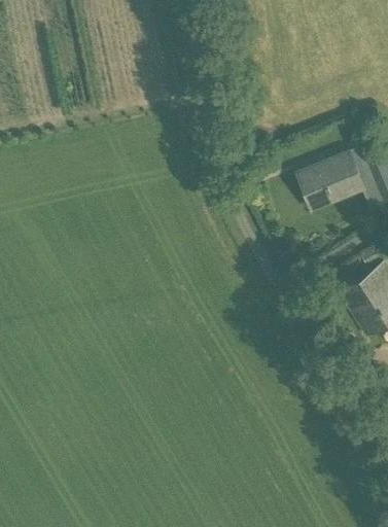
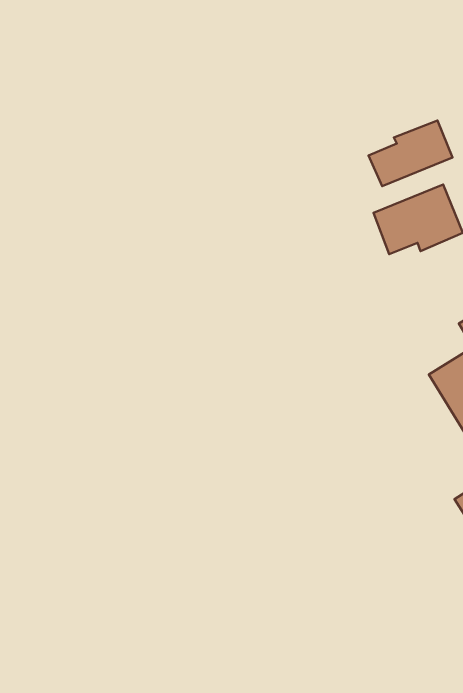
building: none -> [368,121,452,186]

